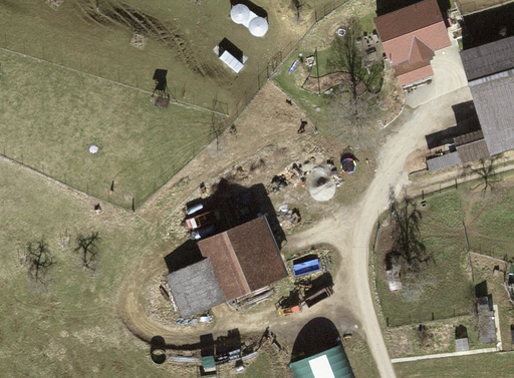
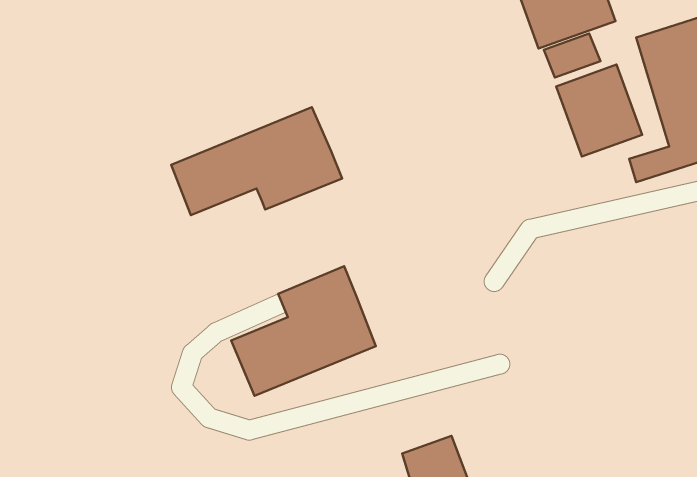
building: none -> [556,64,642,157]
building: none -> [171,107,342,215]

